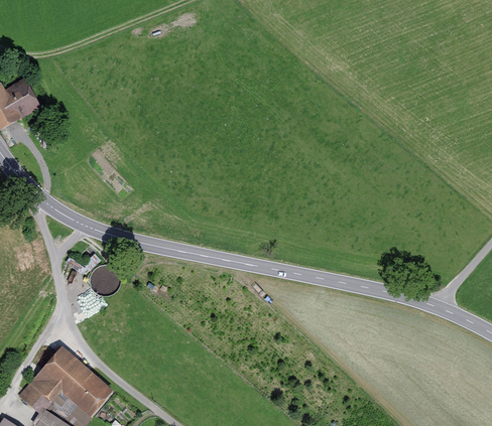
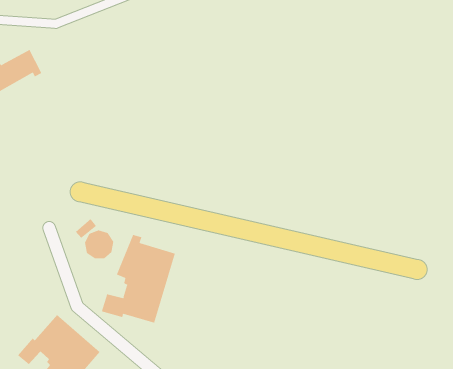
building: none -> [101,234,176,323]

